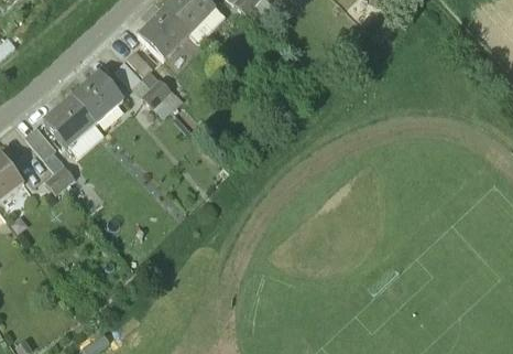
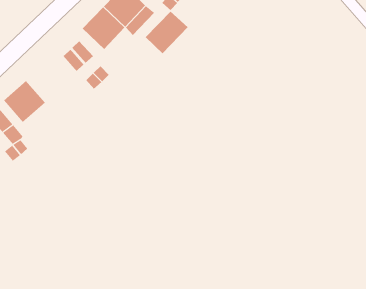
building: none -> [145,11,189,54]
building: [72,73,123,124] -> none

